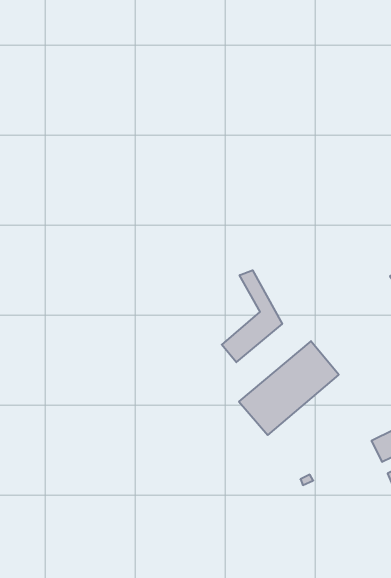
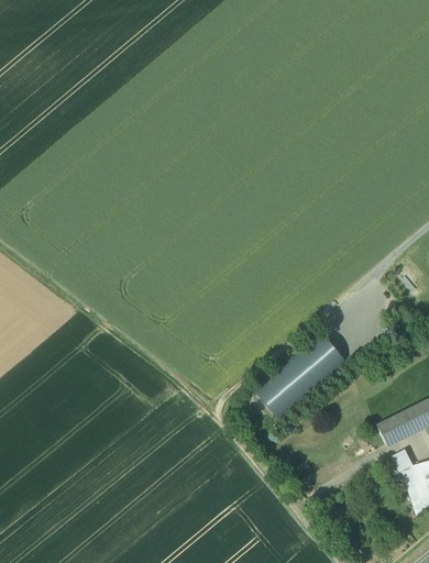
building: [222,270,282,362] -> none

